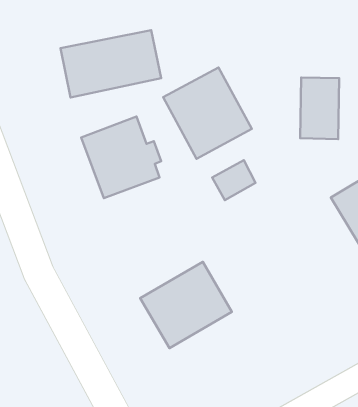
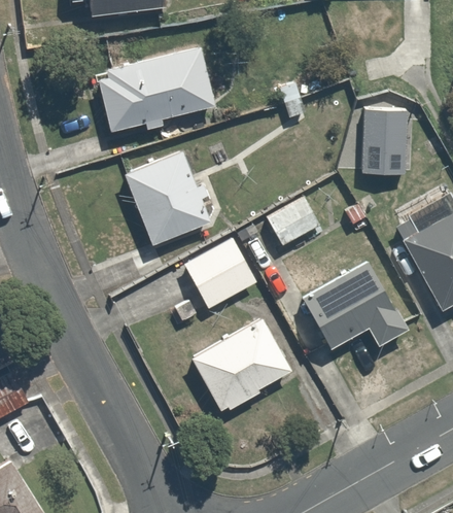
building: [163,67,252,159] -> none
building: none -> [182,234,259,309]
building: none -> [304,256,409,348]

